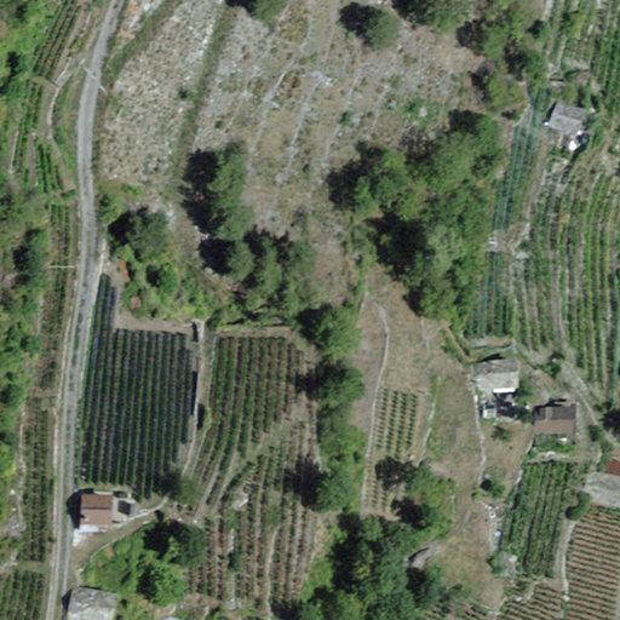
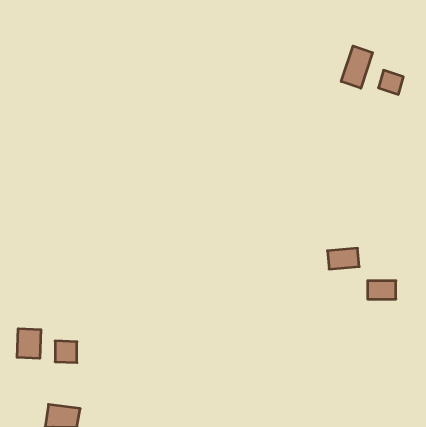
building: none -> [341,46,373,88]
building: none -> [17,329,41,358]

